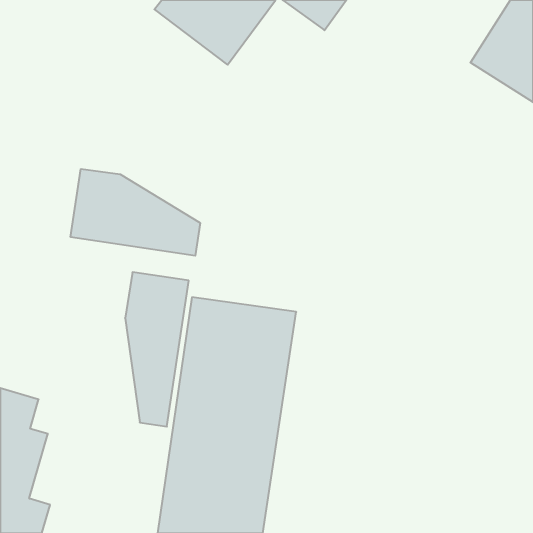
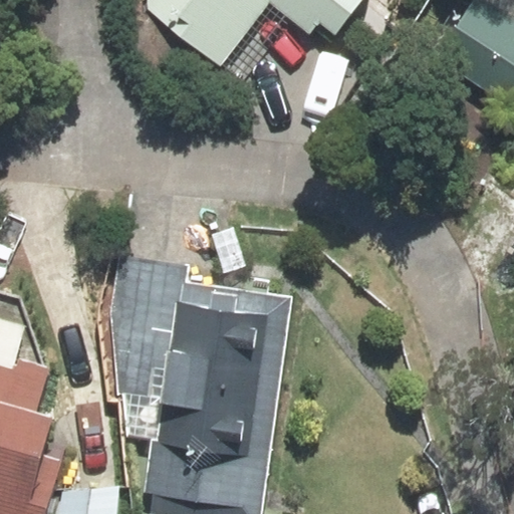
building: [71,169,200,256] -> none

